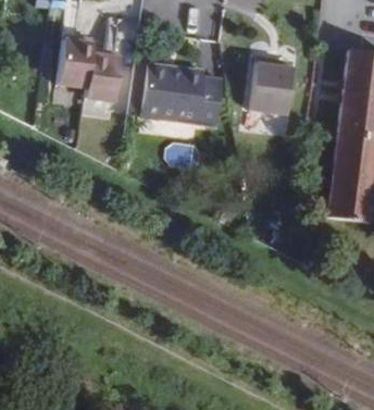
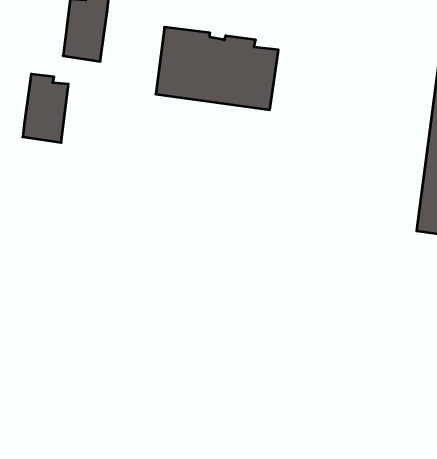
building: [85,49,120,101] -> [23,74,68,143]
building: [249,55,292,113] -> none

